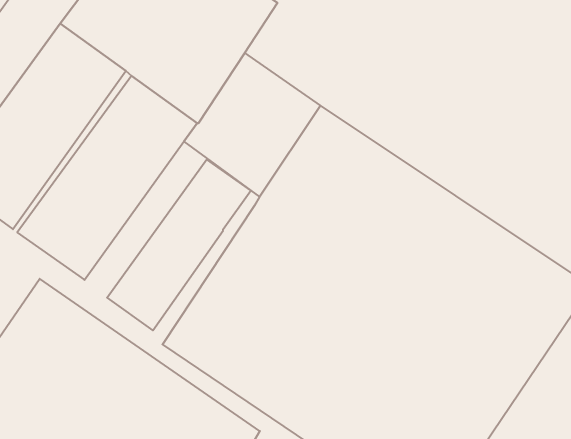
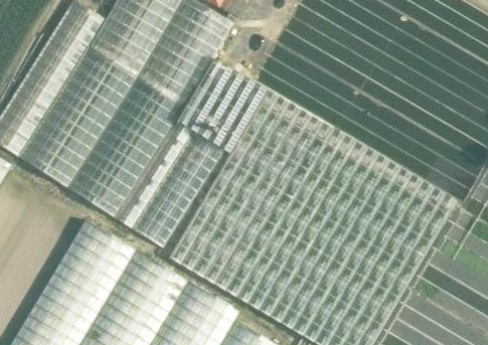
building: none -> [116,121,193,229]

